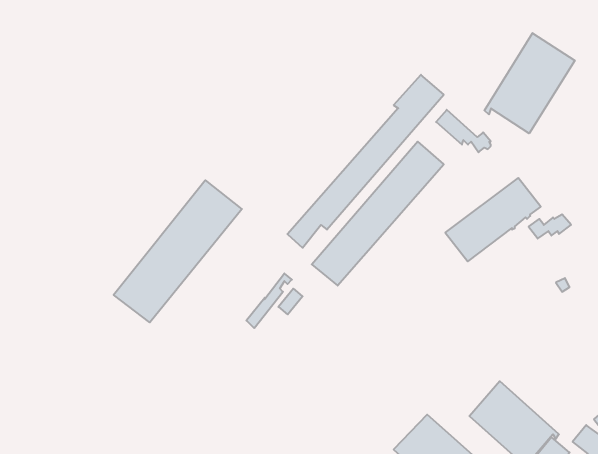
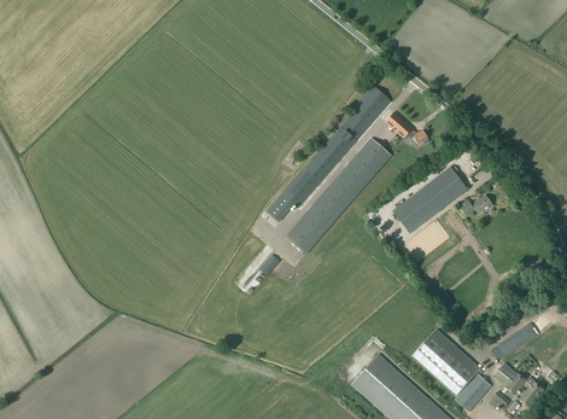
building: [484,33,575,133] -> none
building: [114,180,242,322] -> none

